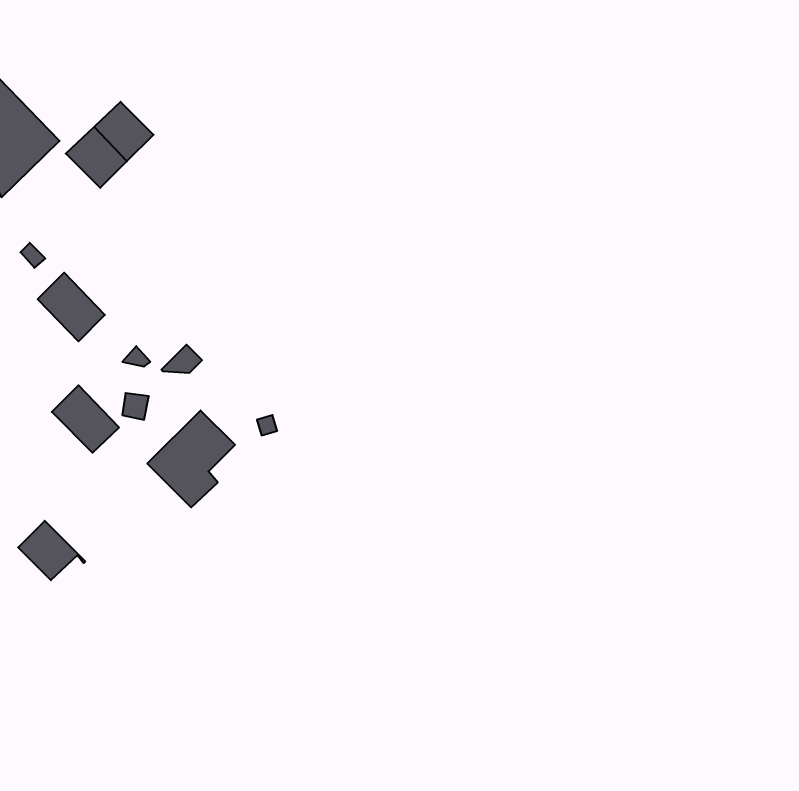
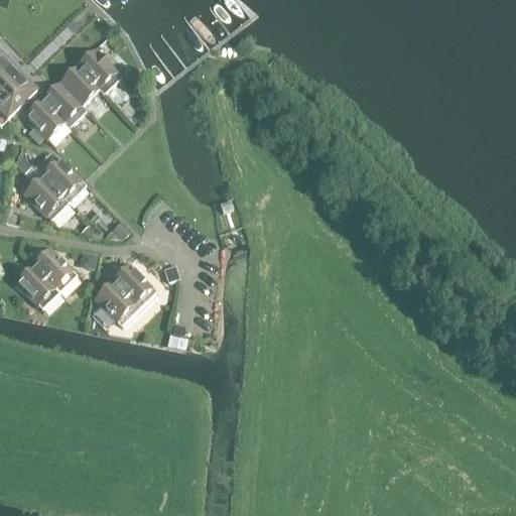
building: none -> [78,48,121,92]
building: none -> [25,99,64,141]
building: none -> [41,158,85,203]
building: [18,521,85,580] -> [16,265,59,303]

